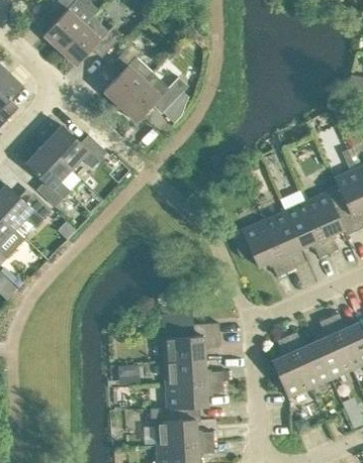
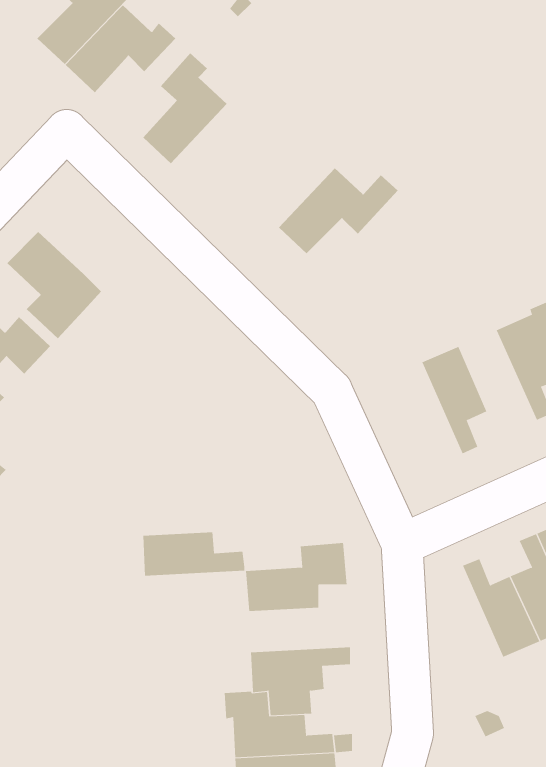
building: [119,73,188,122] -> [278,167,398,254]
building: [43,126,106,169] -> none
building: [284,202,329,257] -> none
building: [230,220,286,276] -> none
building: [271,336,309,398] -> none
building: [164,360,222,385] -> [143,532,245,576]

